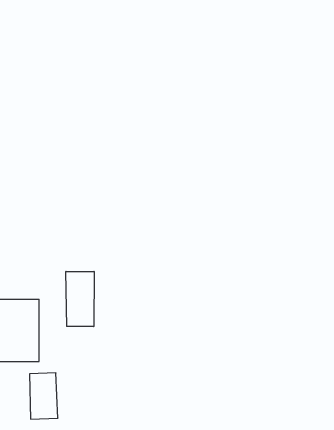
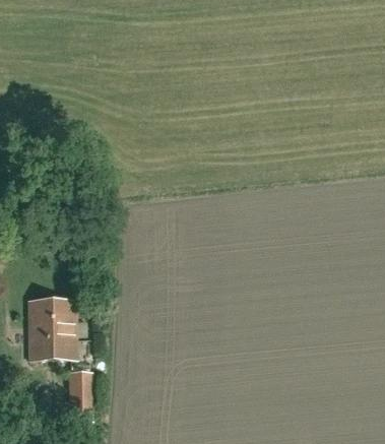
building: [66,271,94,327] -> none

